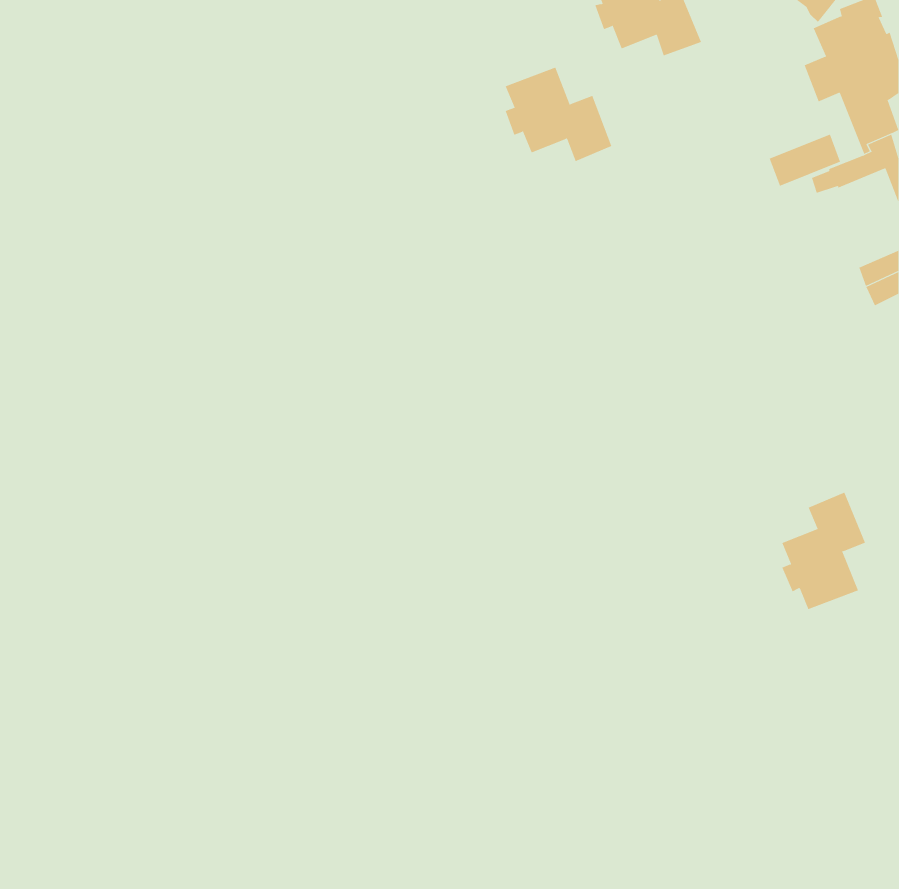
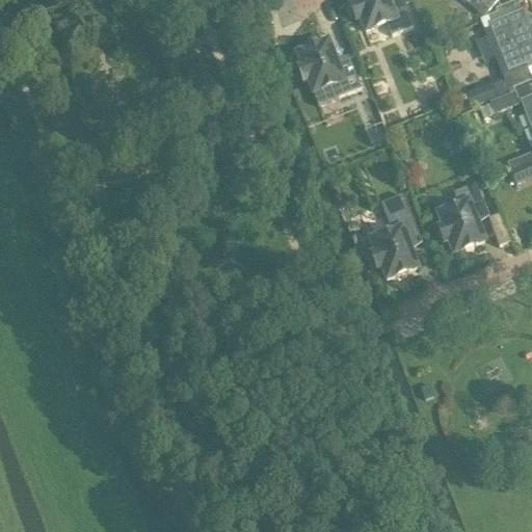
building: none -> [372,192,421,277]
building: [782,492,866,610] -> [438,181,488,250]

